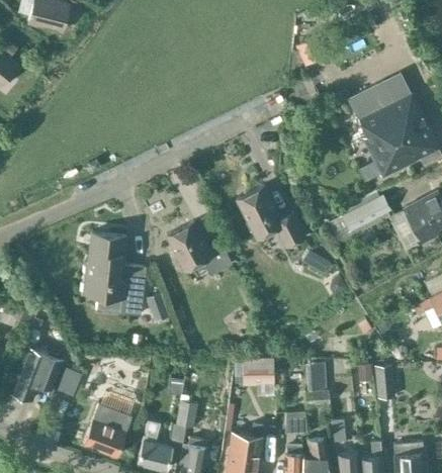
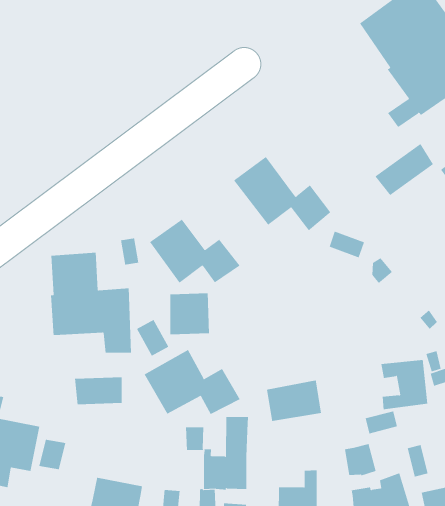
building: none -> [170,292,210,335]
building: none -> [144,349,241,415]
building: none -> [75,376,122,405]

